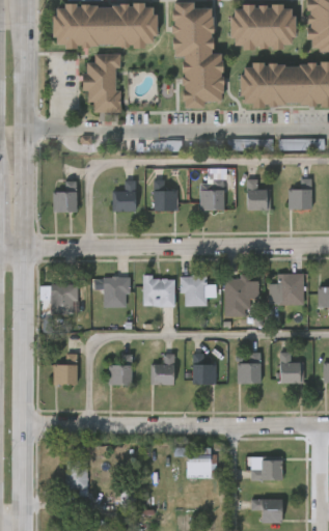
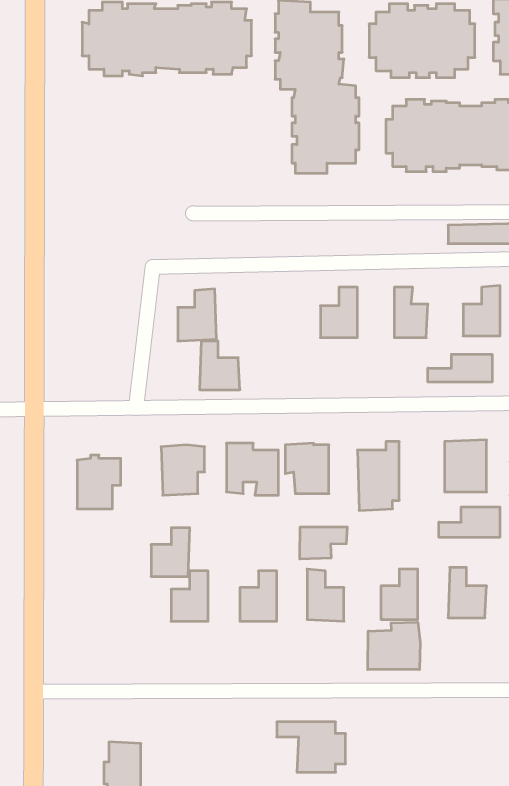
building: [81,54,120,112] -> none
building: [153,179,177,209] -> [200,341,240,390]
building: [52,180,75,212] -> none
building: none -> [428,354,492,382]
building: none -> [439,507,500,537]
building: none -> [300,527,347,559]
building: [53,354,77,384] -> [151,528,190,576]
building: none -> [368,622,420,670]
building: [252,456,283,481] -> none

